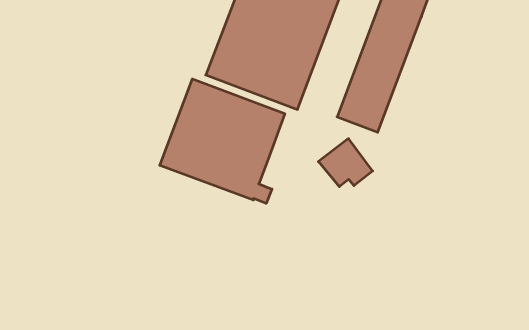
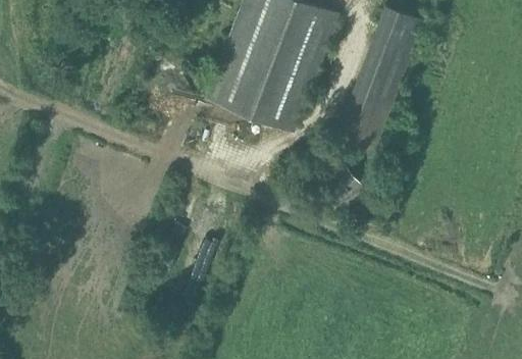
building: [160,79,285,203] -> none

